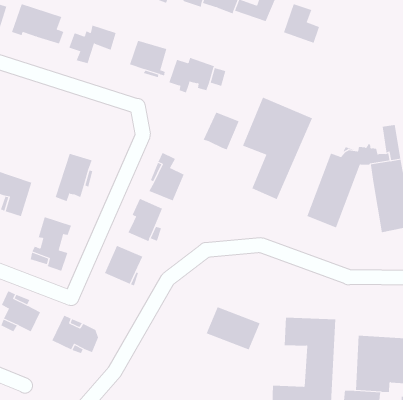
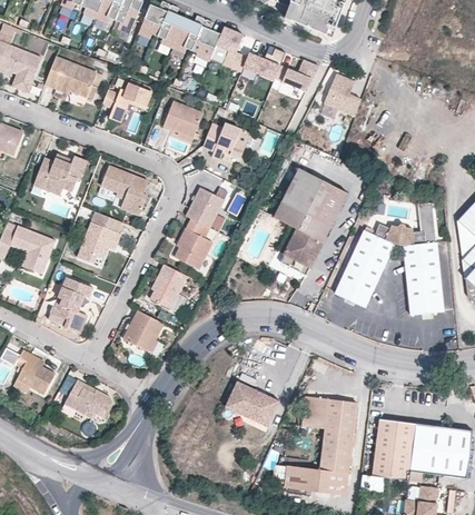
building: none -> [33,153,87,196]
building: none -> [100,166,148,215]
building: [203,112,239,150] -> [185,188,224,228]

